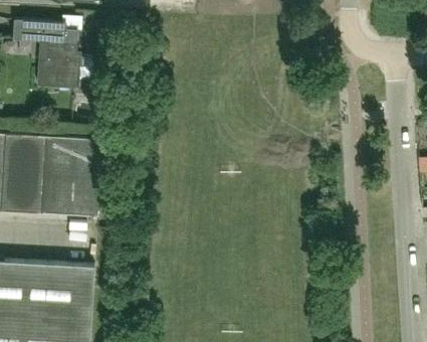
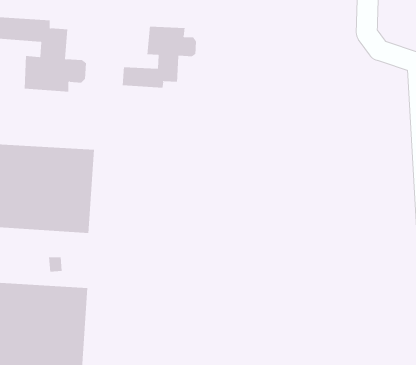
building: none -> [122,26,197,88]

